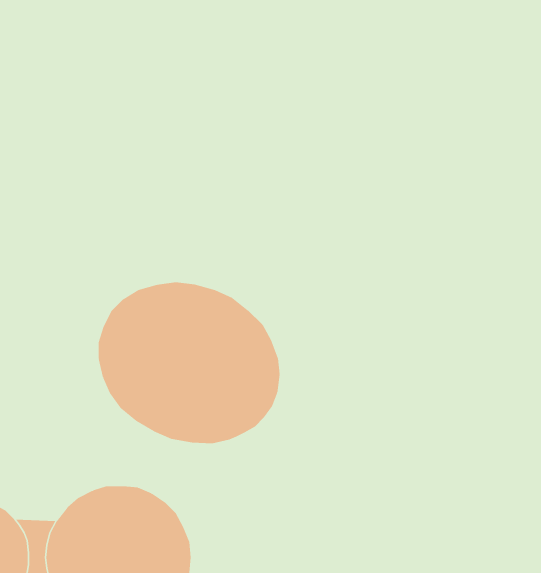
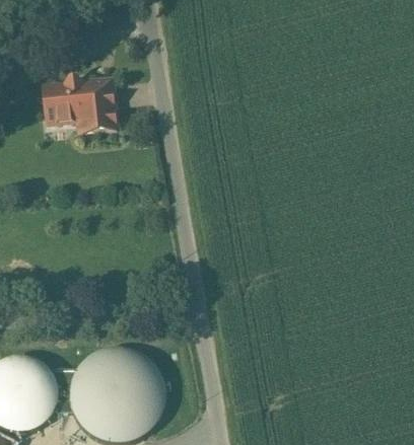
building: none -> [43,78,115,131]
building: [98,282,280,444] -> none

